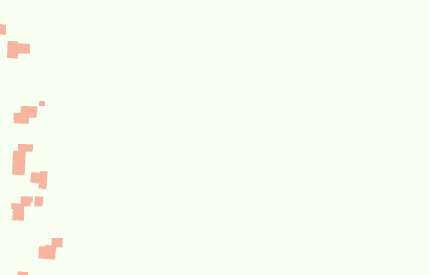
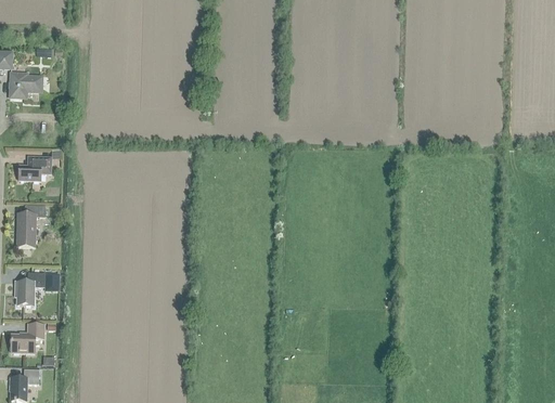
building: [29,170,49,190] -> none
building: [37,237,64,260] -> [10,323,43,352]

